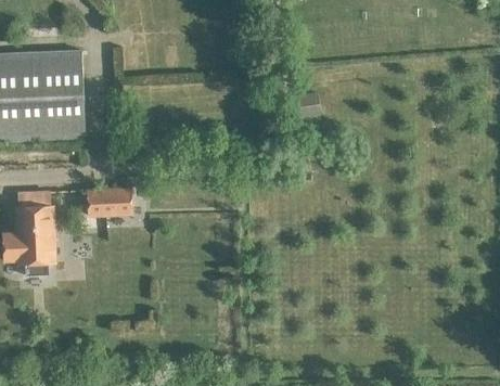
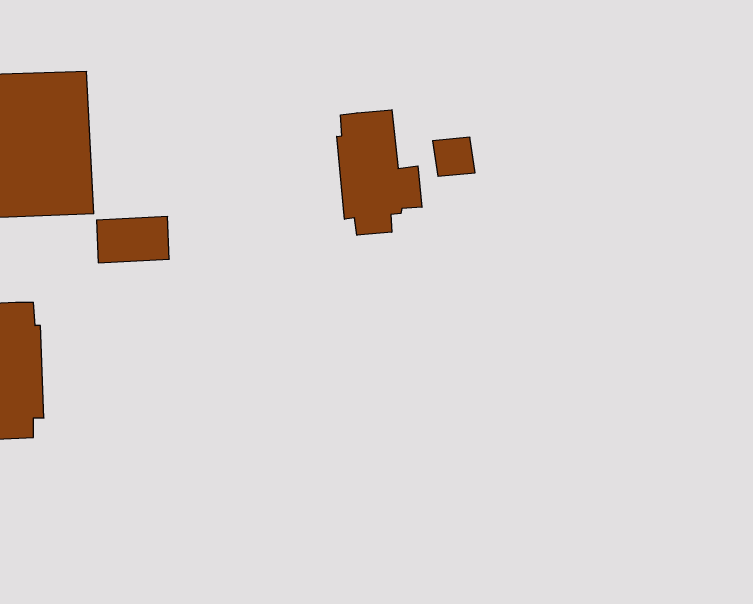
building: none -> [337,110,422,235]
building: [88,188,132,216] -> [97,217,169,263]

